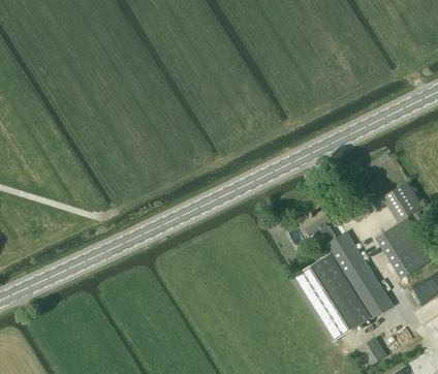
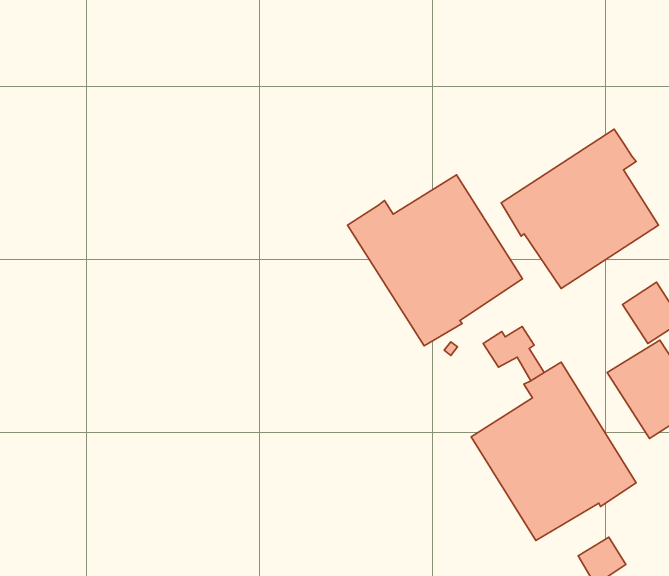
building: none -> [501,129,658,288]
building: none -> [347,175,522,346]

